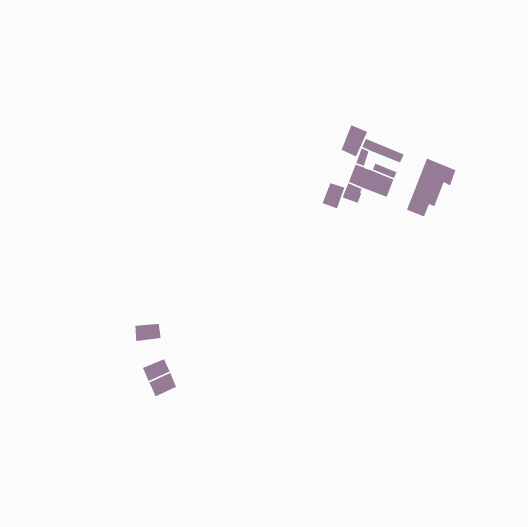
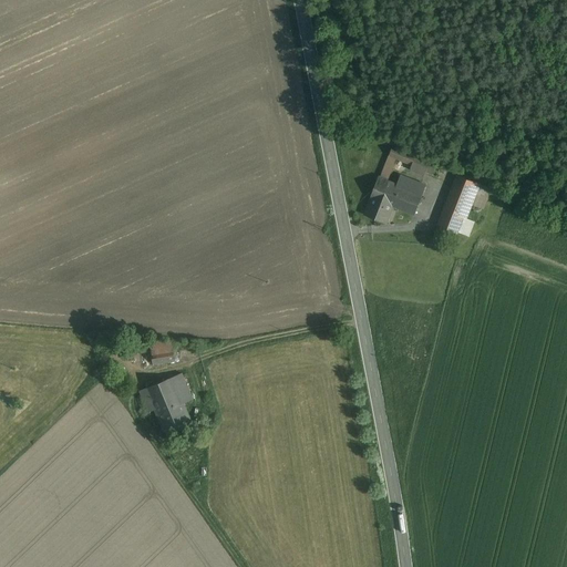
building: [340,124,368,157] -> none
building: [322,182,345,209] -> none
building: none -> [135,374,193,420]

